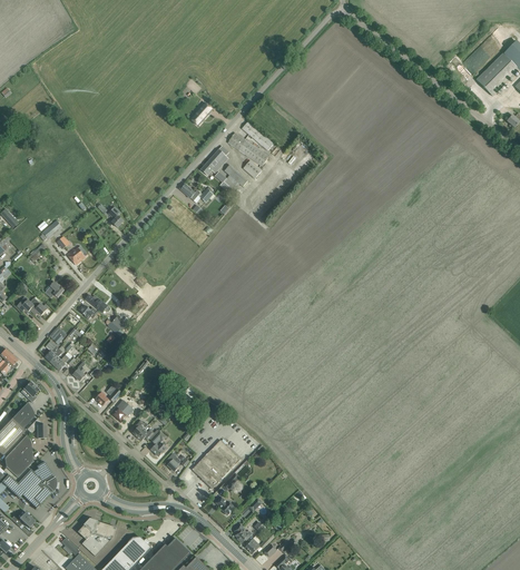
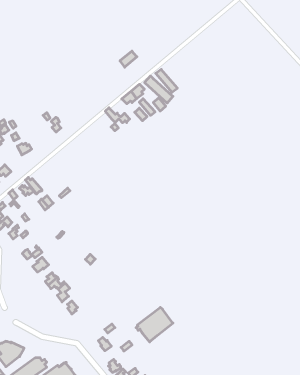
building: [190,440,239,489] -> [136,307,173,342]

